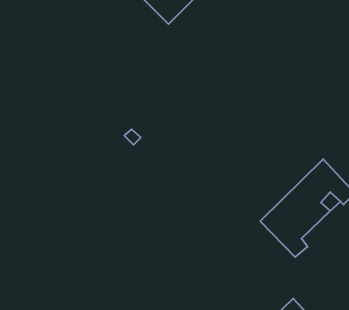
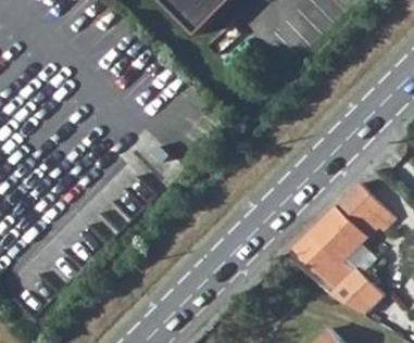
building: none -> [323,268,378,314]

